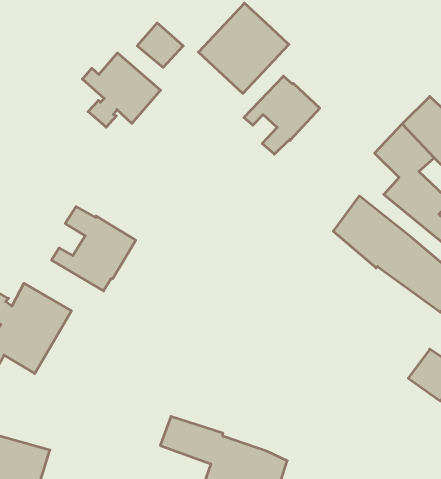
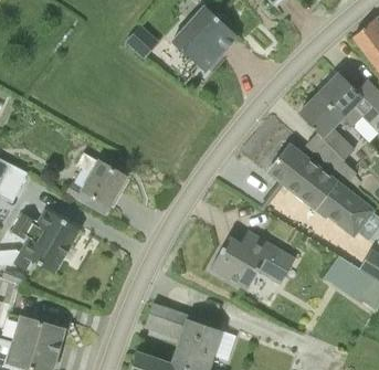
building: [82,53,161,127] -> none
building: [244,76,320,154] -> none
building: none -> [210,230,295,288]

